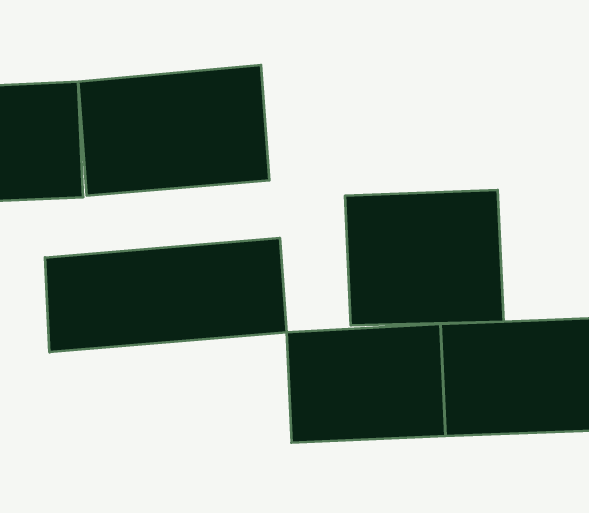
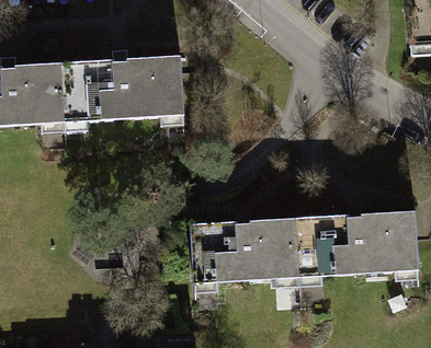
building: [345,190,503,325] -> none
building: [45,238,286,352] -> none

